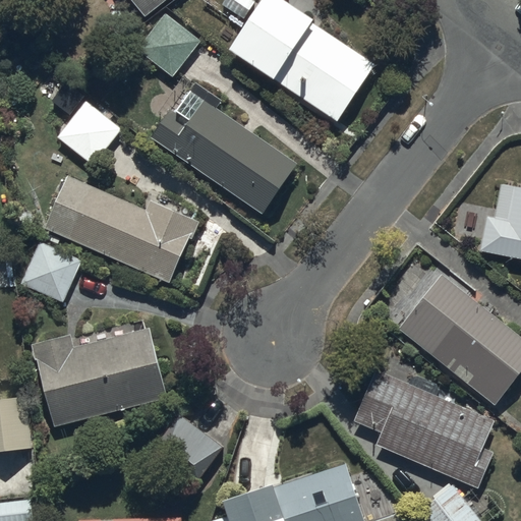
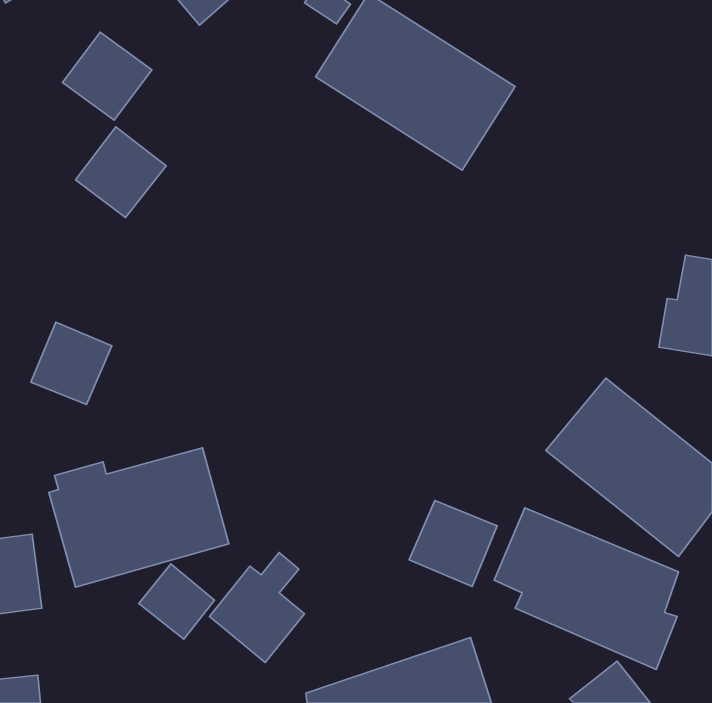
building: [136,11,201,75] -> [63,32,152,120]
building: [150,86,295,217] -> none
building: [47,170,198,277] -> none
building: none -> [409,500,497,586]
building: none -> [139,564,215,639]

